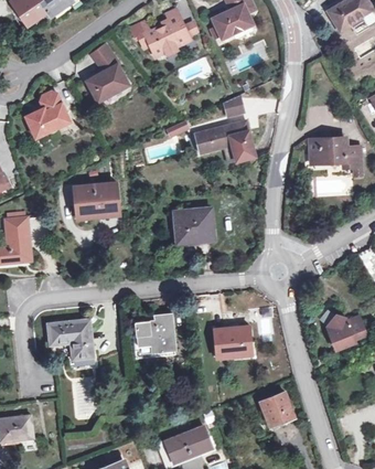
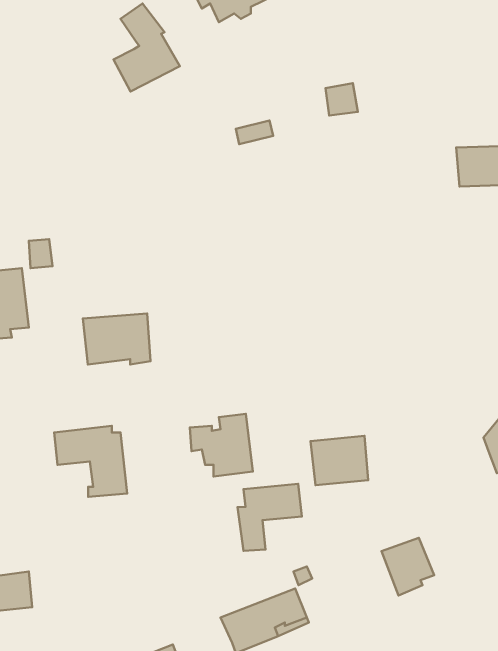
building: [24,90,69,138] -> none
building: [195,120,256,161] -> none
building: [75,182,119,215] -> [83,314,151,364]
building: [174,207,214,241] -> none
building: none -> [238,484,302,551]

